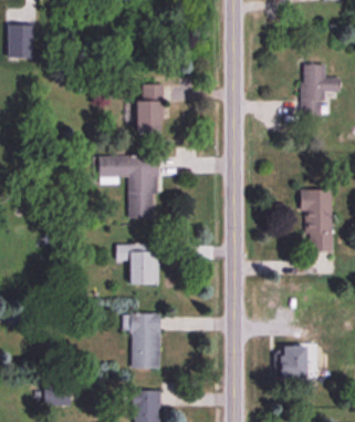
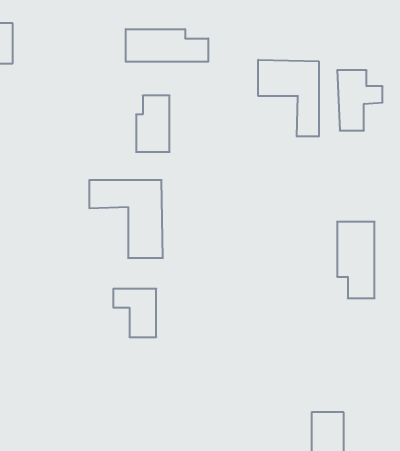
building: none -> [126,29,208,62]
building: none -> [258,60,319,137]
building: [130,313,159,369] -> none

